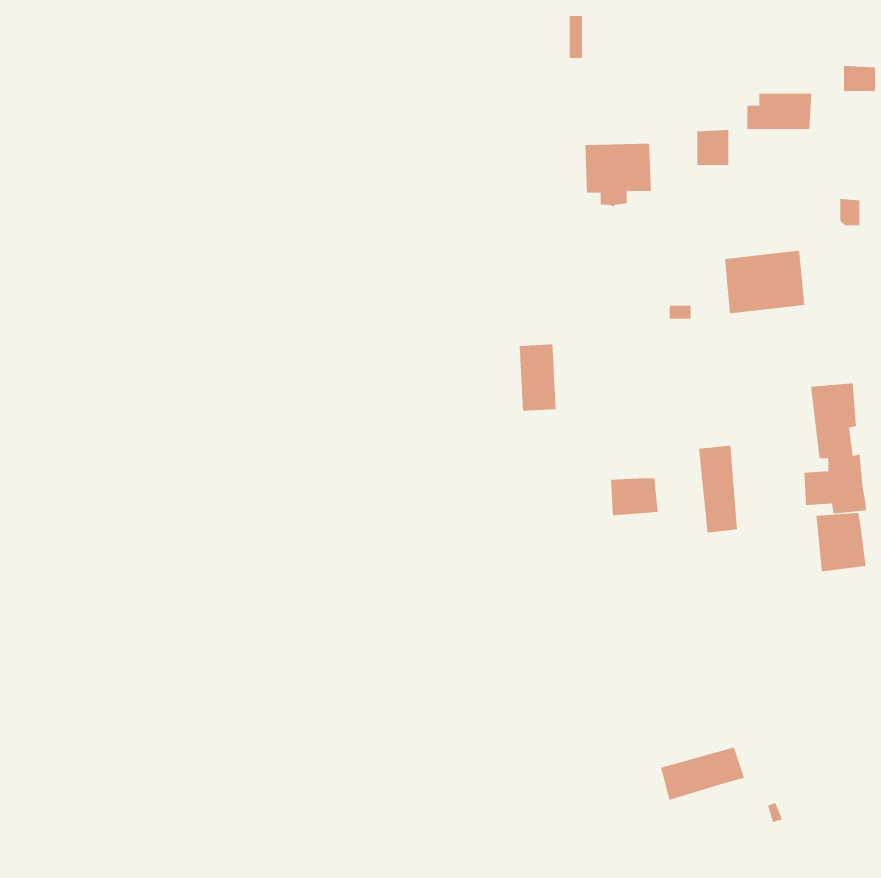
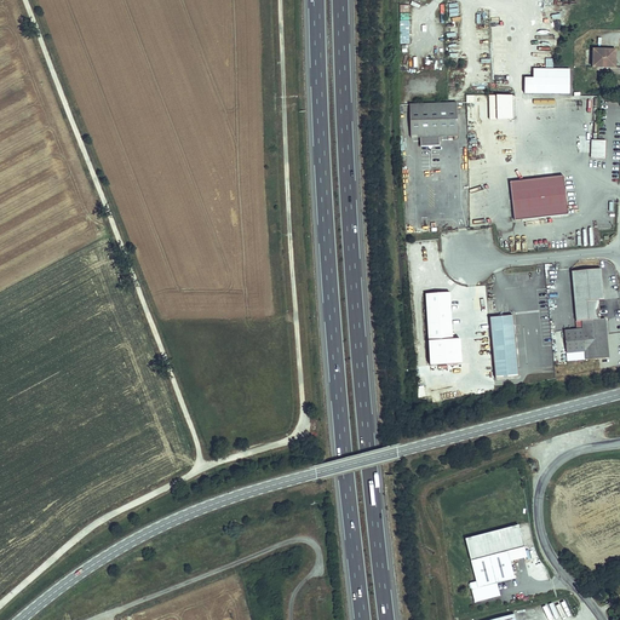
building: [519,344,557,411] -> [426,289,453,337]
building: [816,512,866,572] -> none
building: none -> [467,551,515,601]

